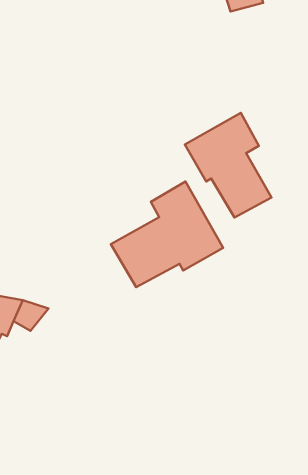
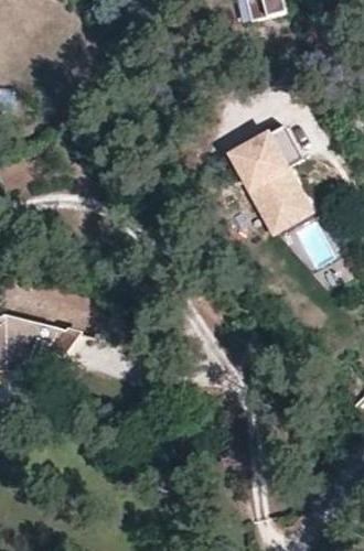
building: [111,181,223,287] -> none

